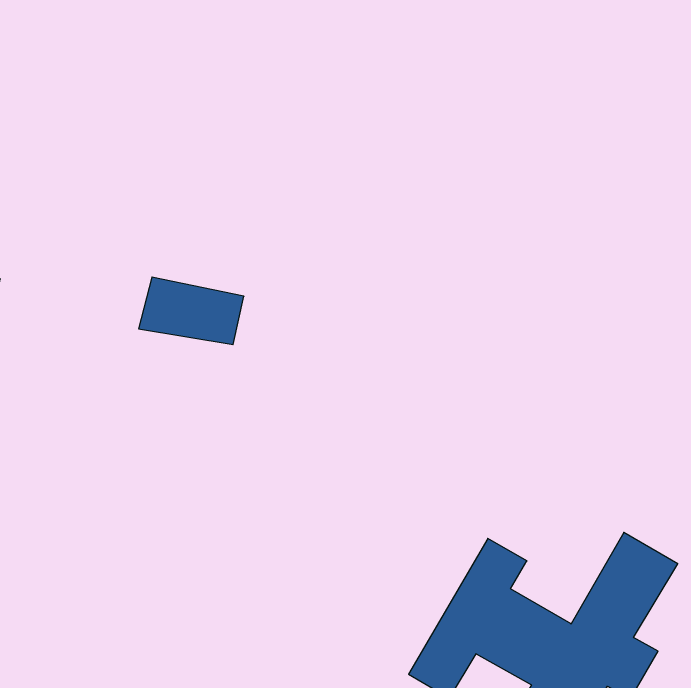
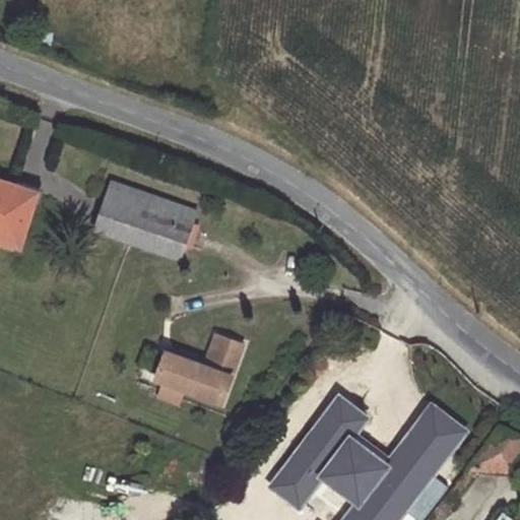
building: none -> [94,179,135,233]
building: none -> [156,331,242,404]

